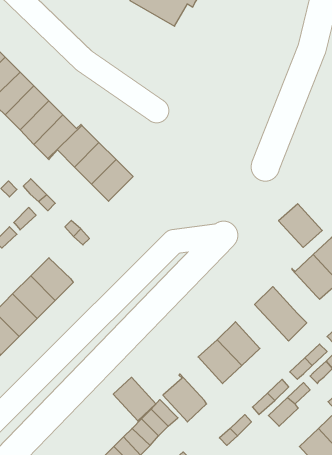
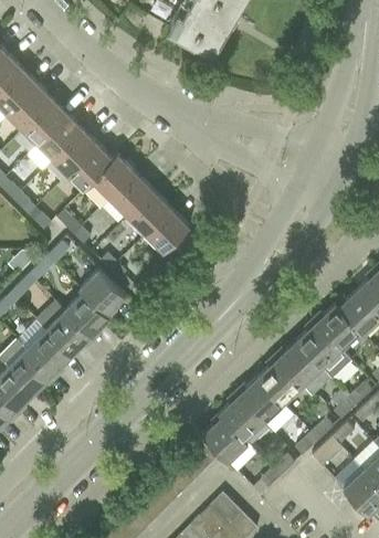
building: none -> [145,209,189,253]
building: [279,204,322,247] -> [315,305,360,350]
building: none -> [80,271,124,315]
building: none -> [276,341,330,395]
building: [113,377,156,421] -> [219,395,263,441]

